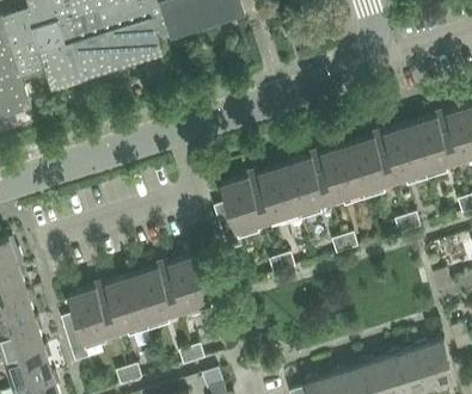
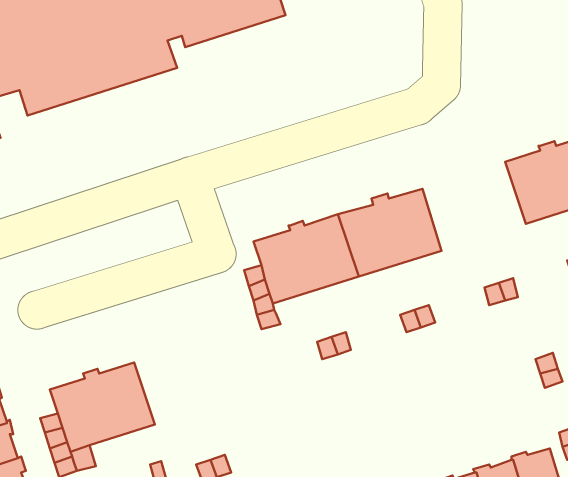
building: [348,127,425,193] -> none
building: [131,257,210,324] -> none

